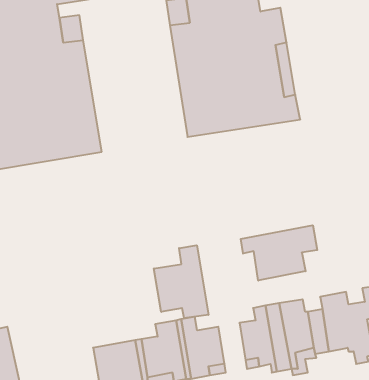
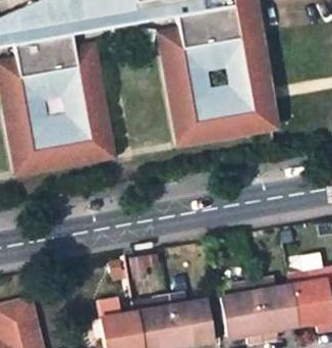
building: [241,225,317,281] -> none
building: [154,245,208,318] -> none

